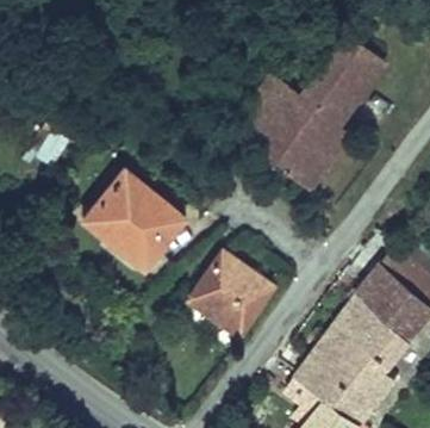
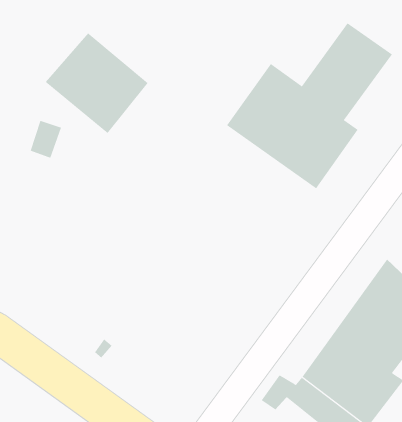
building: [82,168,182,266] -> [45,33,149,134]
building: [188,250,273,333] -> none

